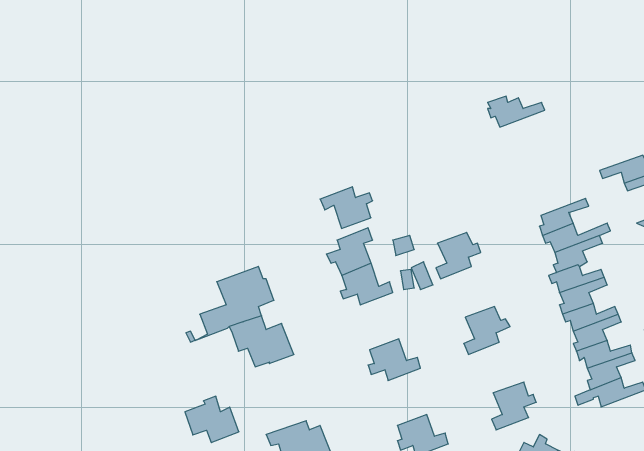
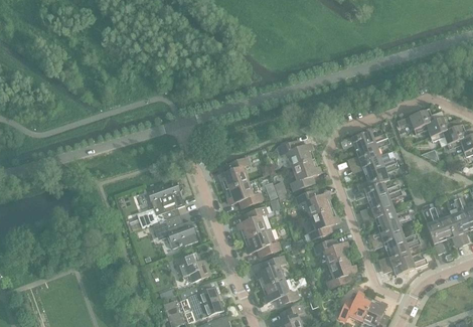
building: [488,96,545,127] -> [349,129,386,149]
building: [320,187,373,228] -> [276,140,310,167]
building: none -> [294,189,328,215]
building: none -> [236,206,266,236]
building: none -> [312,238,346,265]
building: none -> [255,256,284,286]
building: [185,396,239,443] -> [174,252,209,282]

